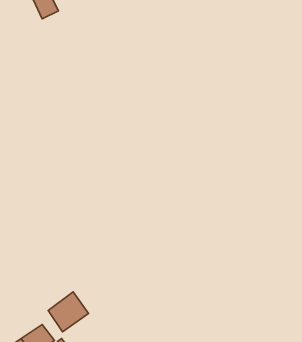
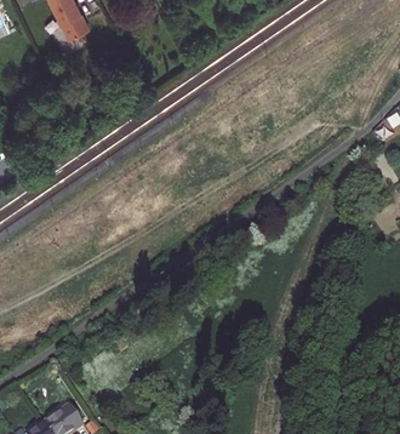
building: [48,292,89,332] -> none

